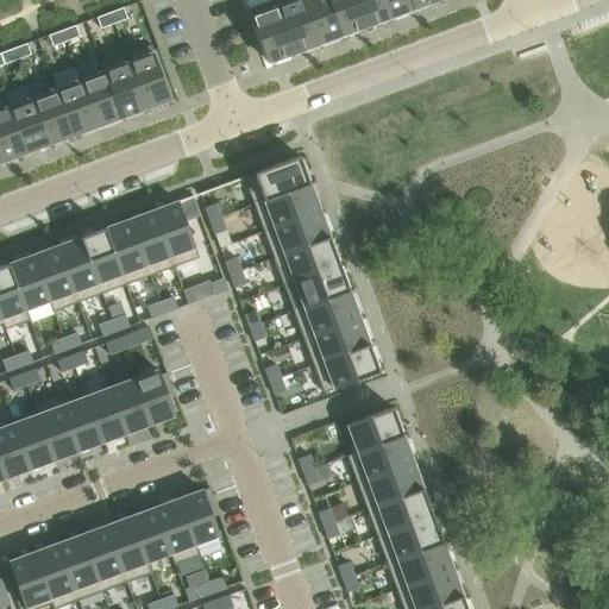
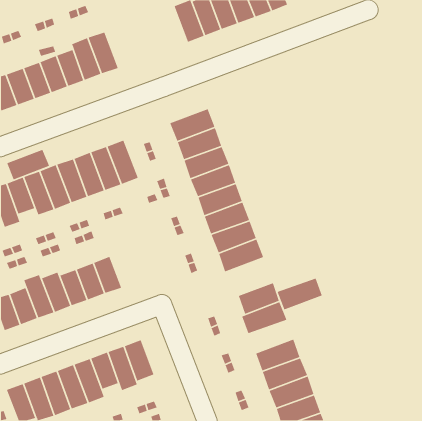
building: none -> [6,149,50,180]
building: [357,462,423,509] -> [277,278,323,311]

